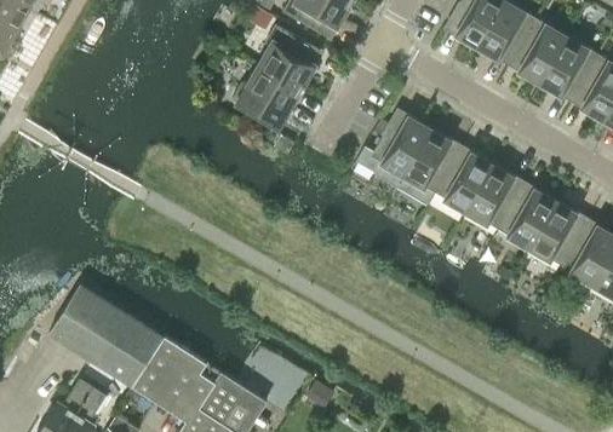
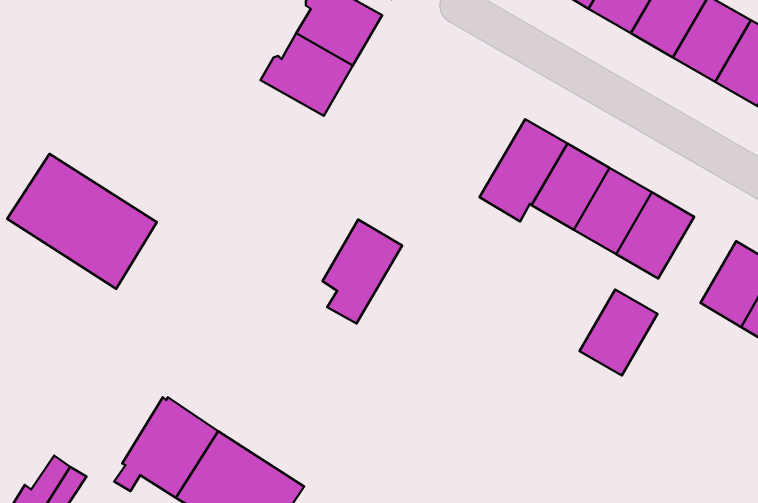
building: [371,110,430,188] -> [322,219,402,323]
building: [529,202,588,266] -> [579,290,657,376]
building: [48,286,160,386] -> [7,154,157,289]

